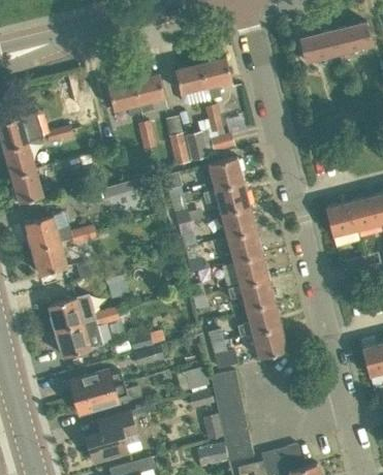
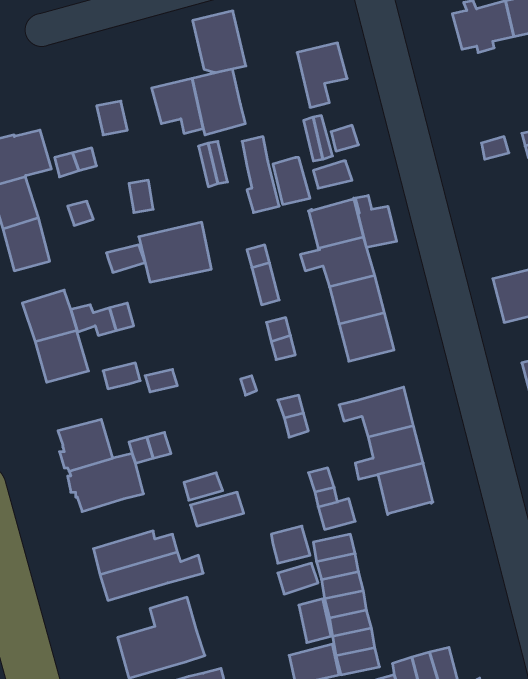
building: [174,64,209,103] -> [193,11,246,72]
building: none -> [356,195,397,248]
building: [233,254,268,286] -> none

